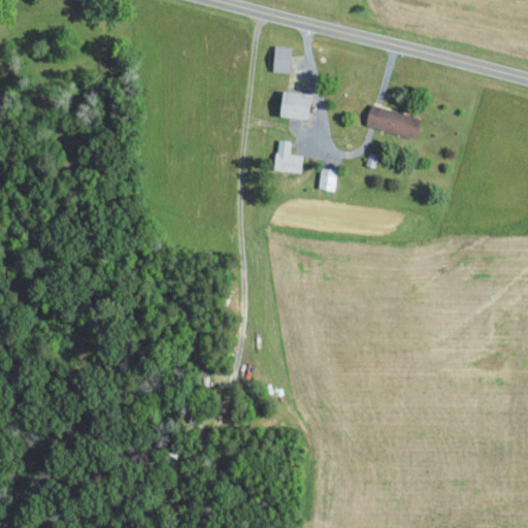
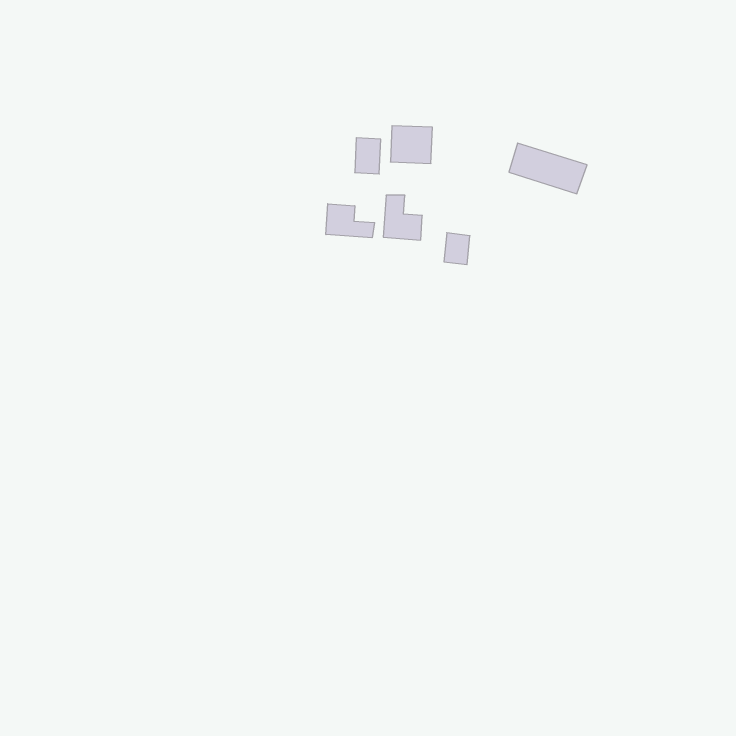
building: [272,46,291,72] -> [355,138,381,174]
building: none -> [326,204,375,238]

